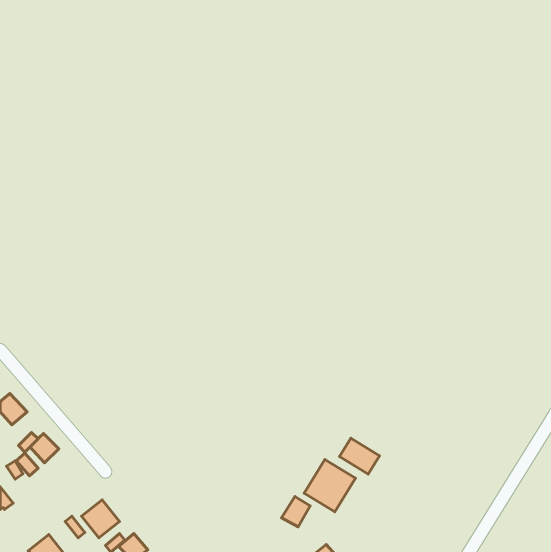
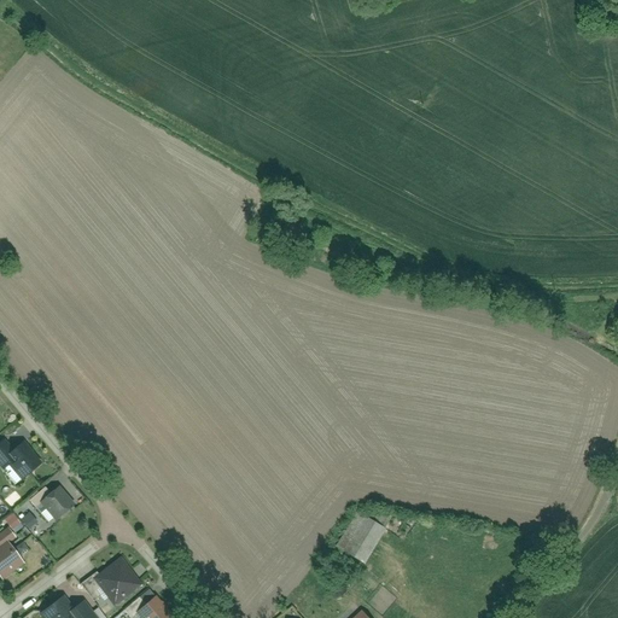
building: [340,438,380,474] -> none
building: [281,496,310,527] -> none

